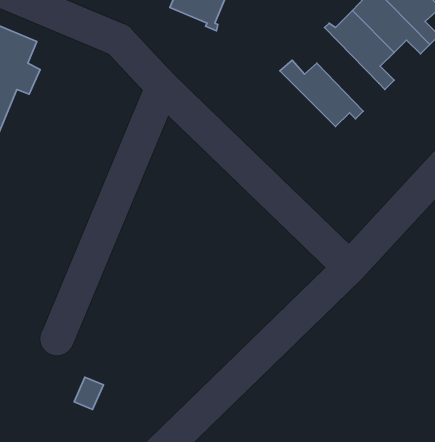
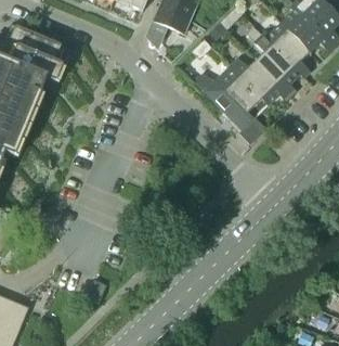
building: none -> [253,34,299,92]
building: none -> [204,64,269,143]

